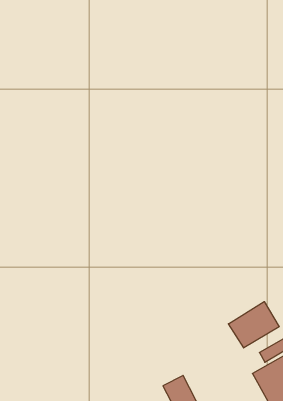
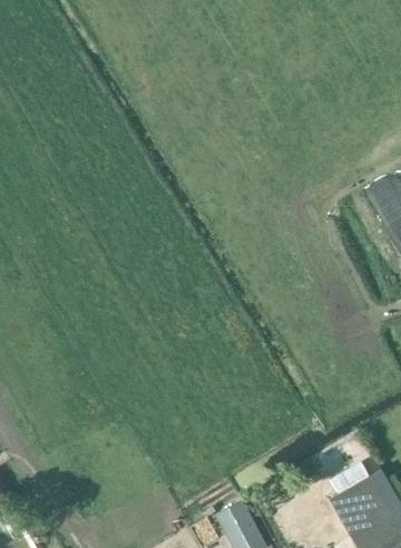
building: [228,302,279,348] -> none

